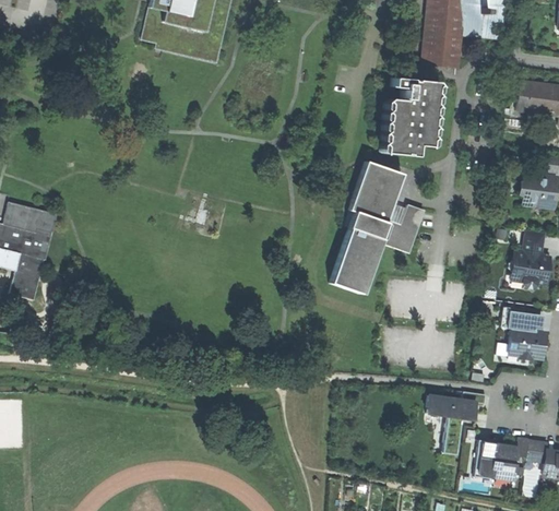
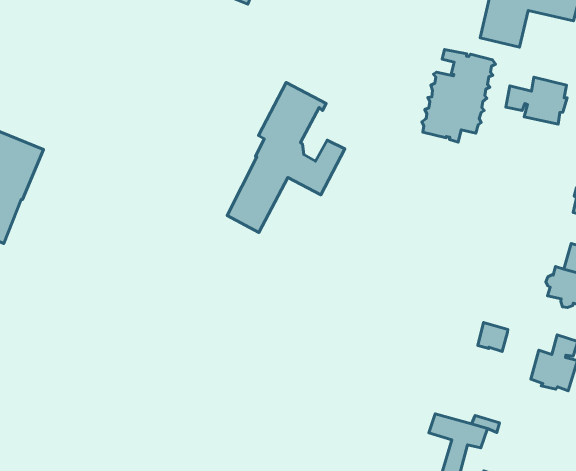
building: none -> [506,77,567,124]
building: [331,159,425,293] -> [227,83,345,233]
building: [501,306,525,329] -> [478,322,508,352]

